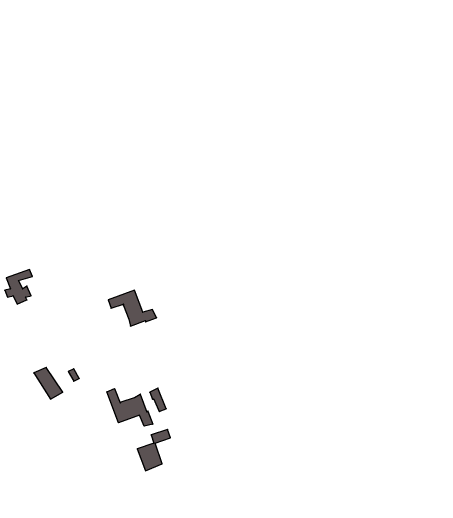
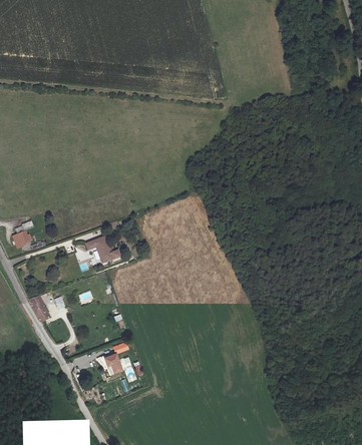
building: [107,389,153,426] -> none

